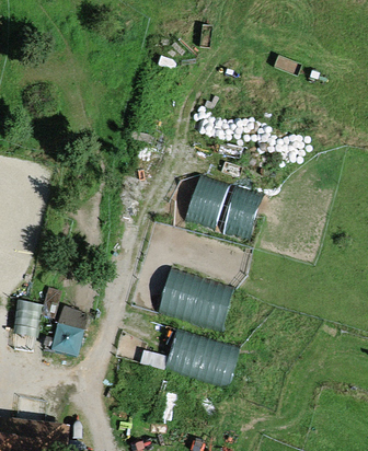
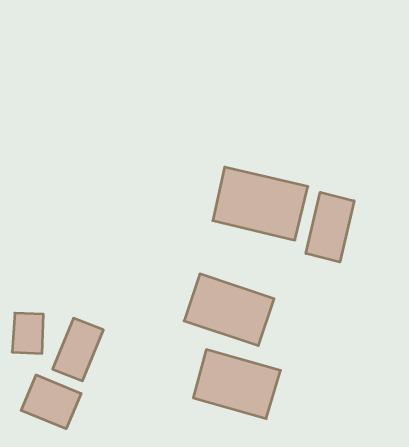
building: none -> [306,192,354,262]
building: none -> [21,375,81,429]

